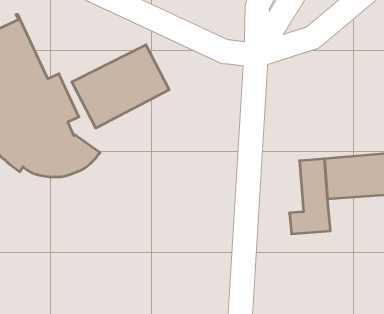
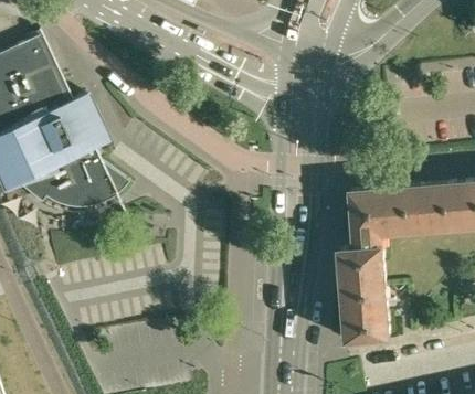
building: [72,45,169,128] -> none
building: none -> [340,268,389,339]

